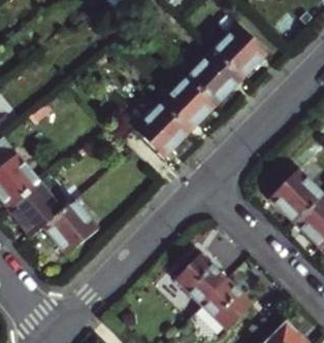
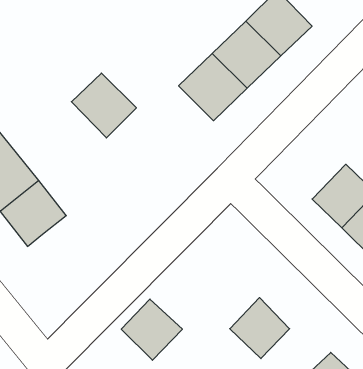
building: [132,104,186,158] -> [71,73,136,138]
building: [44,202,97,254] -> none
building: [173,254,224,305] -> [121,299,182,360]

